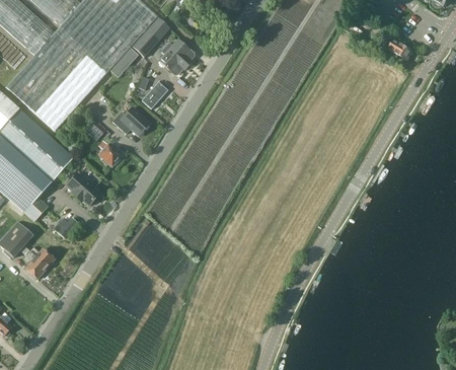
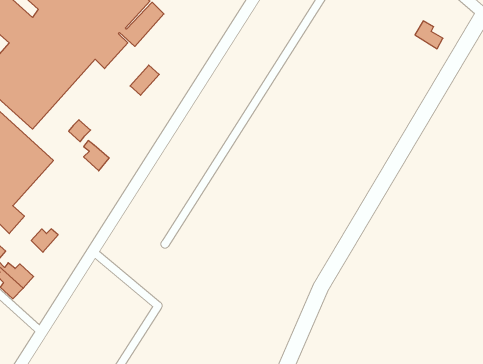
building: [159,40,192,73] -> none
building: [112,107,149,136] -> none
building: [66,172,99,205] -> none

